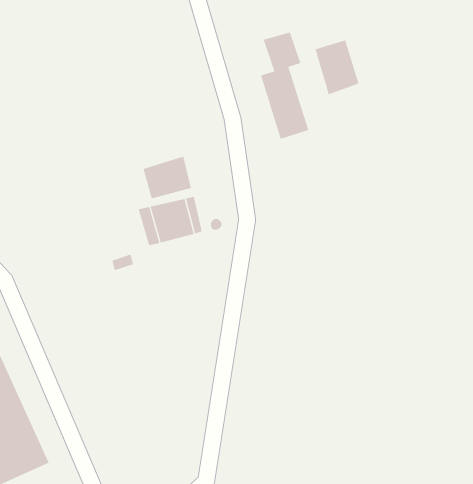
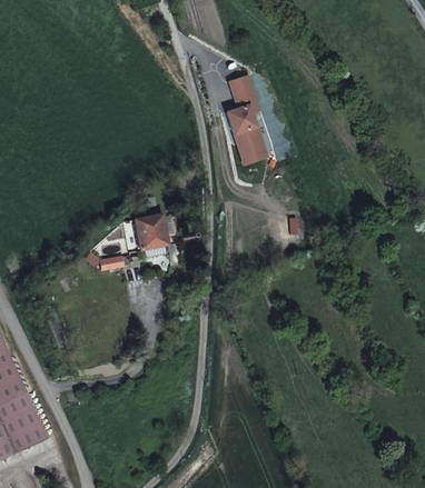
building: [315,40,359,95] -> none
building: [143,156,192,199] -> none

